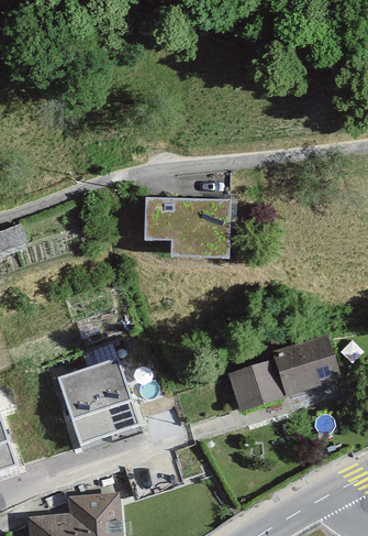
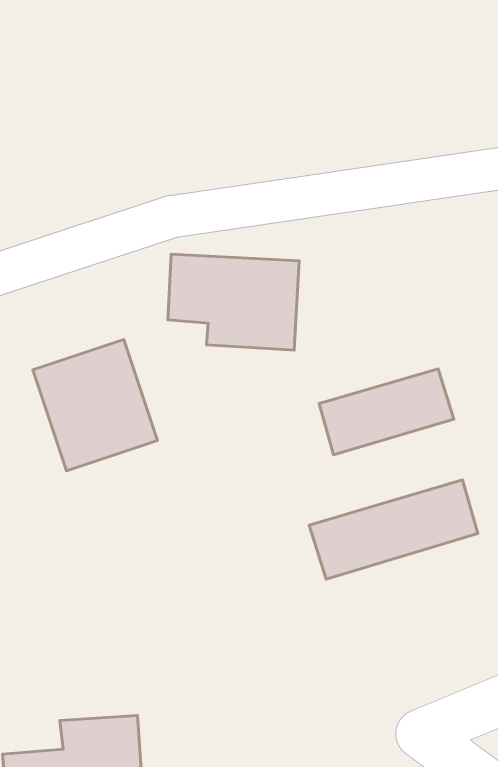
building: none -> [319,369,454,455]
building: [57,360,138,446] -> [33,339,158,471]

